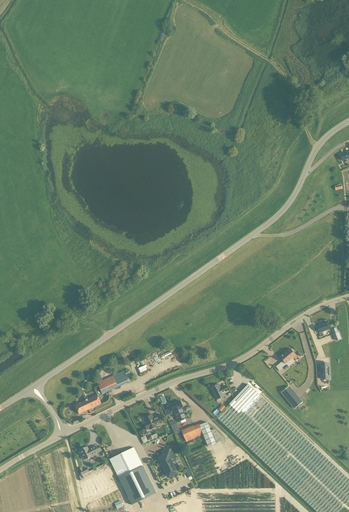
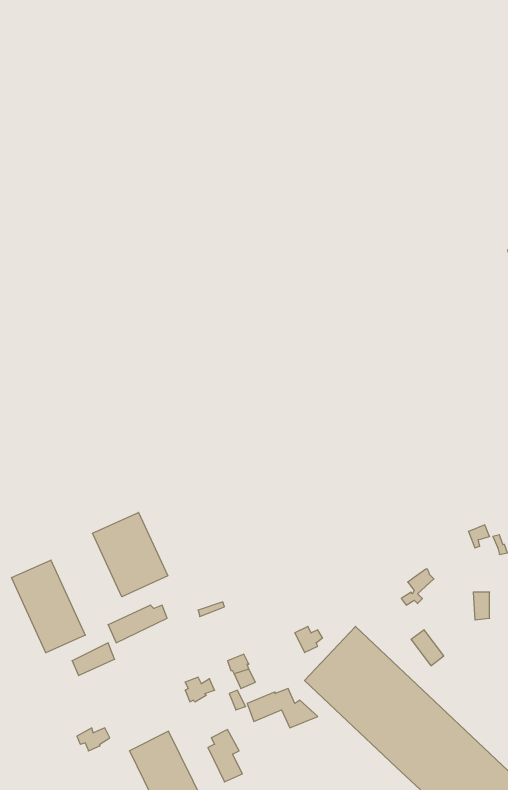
building: none -> [93,512,168,597]
building: none -> [12,560,85,653]

